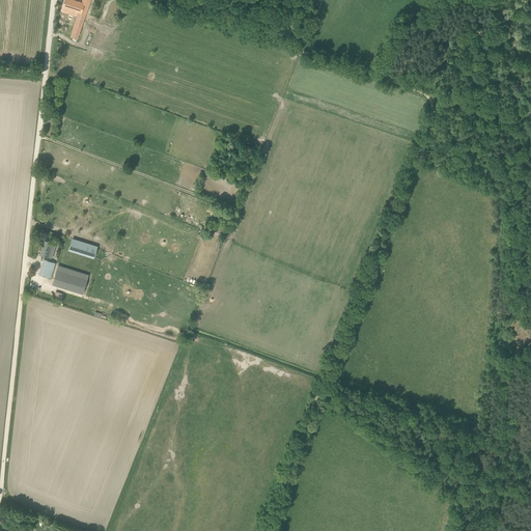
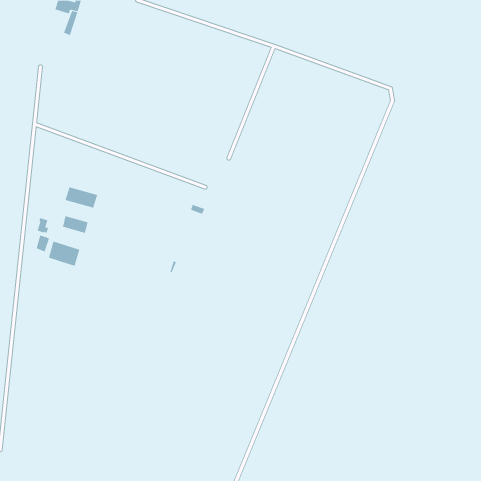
building: none -> [65,186,98,208]

